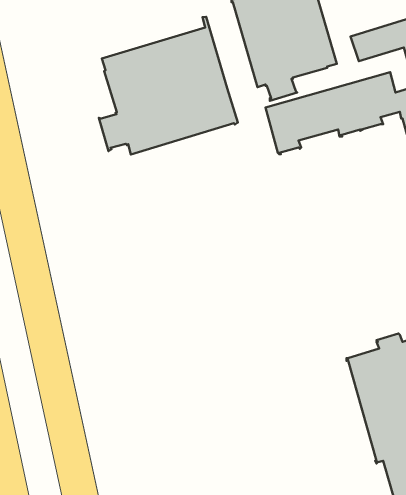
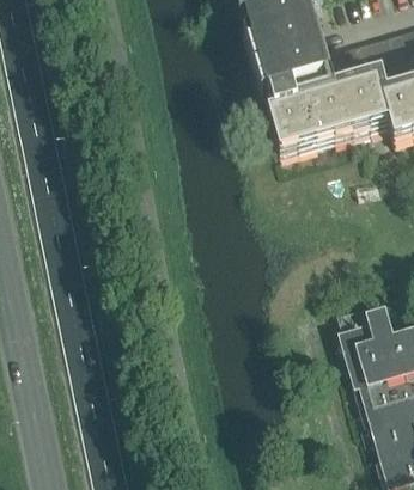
building: [99,17,238,154] -> none

